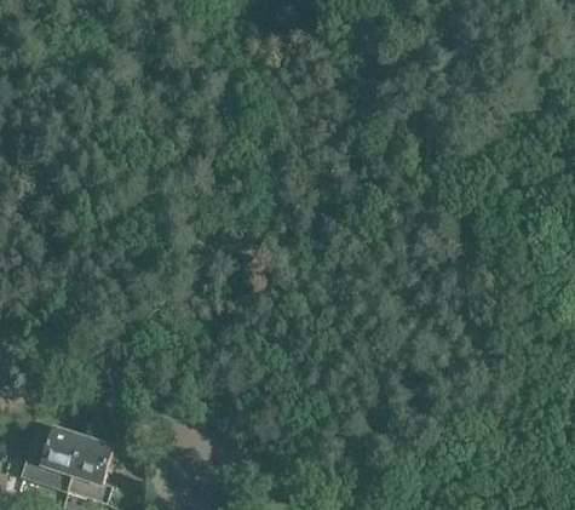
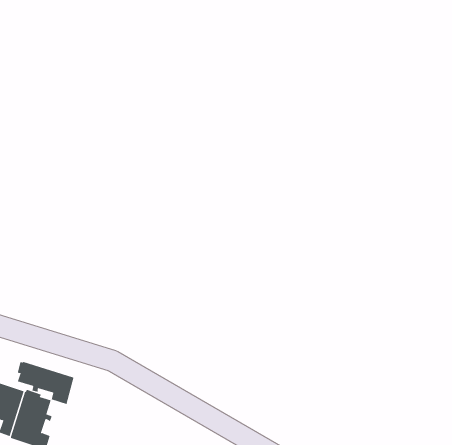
building: none -> [17,361,74,405]

